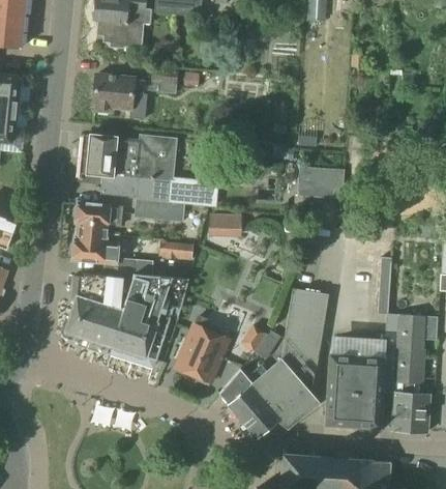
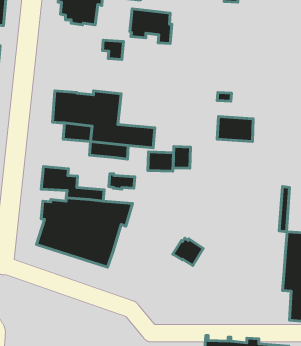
building: [93,75,147,119] -> [130,9,172,44]
building: [76,202,122,234] -> none
building: none -> [173,147,191,168]
building: [219,288,328,438] -> none
building: [176,323,230,381] -> none
building: [326,339,386,428] -> none

